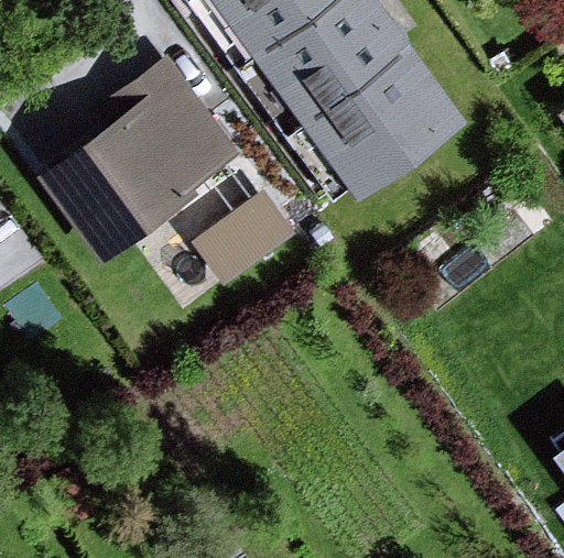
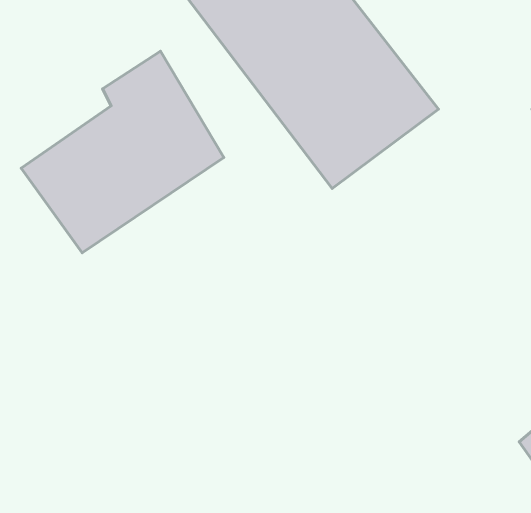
building: [209,172,310,266] -> none

